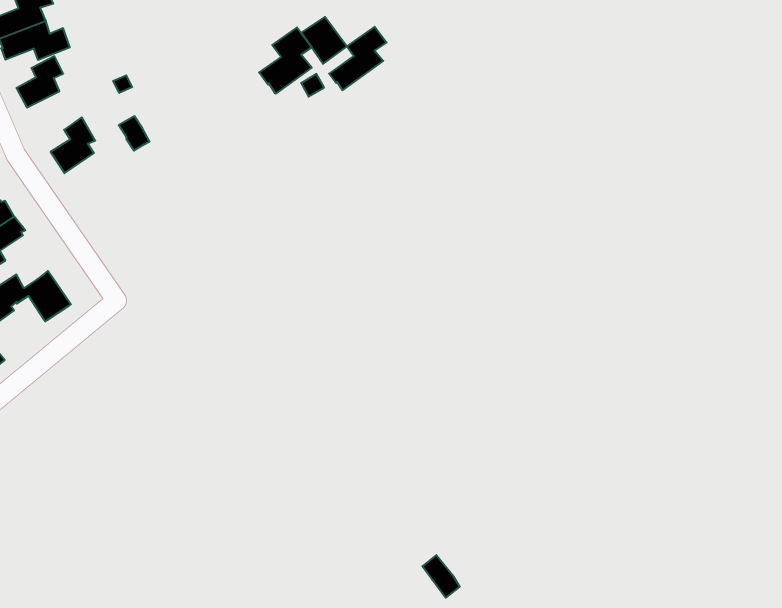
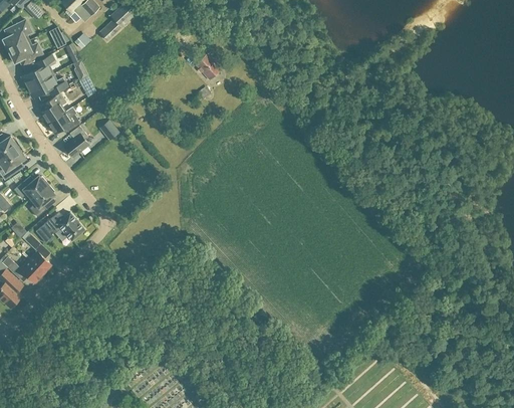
building: [329,27,387,90] -> none
building: [259,27,312,94] -> none
building: none -> [47,112,79,134]

